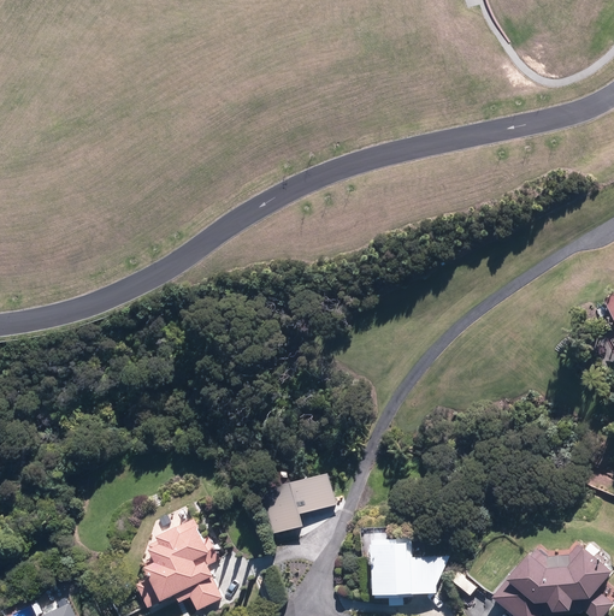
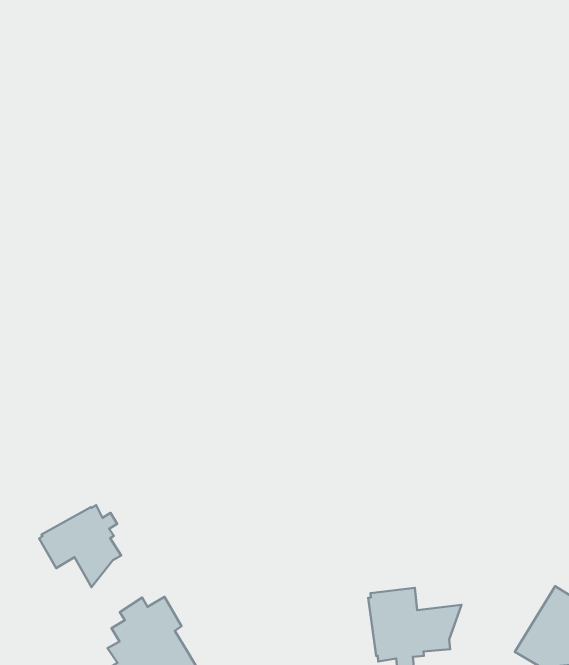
building: none -> [39,505,121,587]
building: [259,475,337,533] -> none

